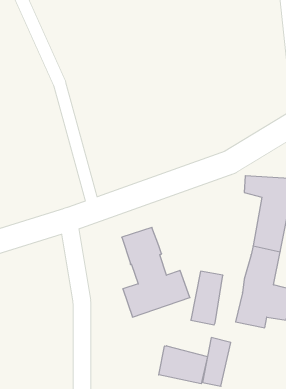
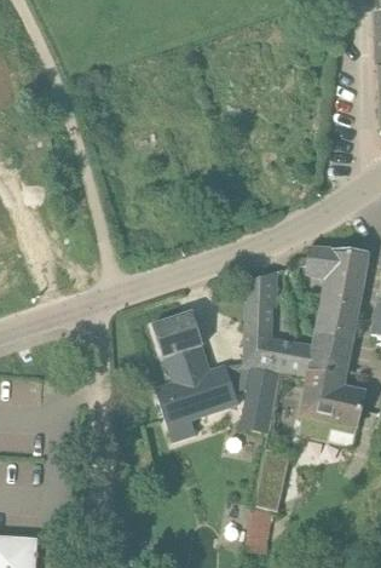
building: none -> [246,271,314,375]
building: [159,346,208,384] -> none

